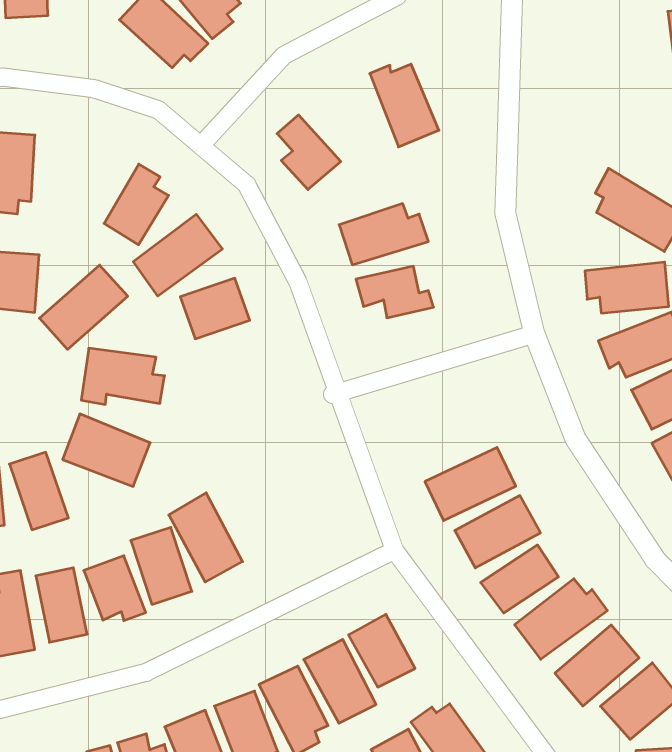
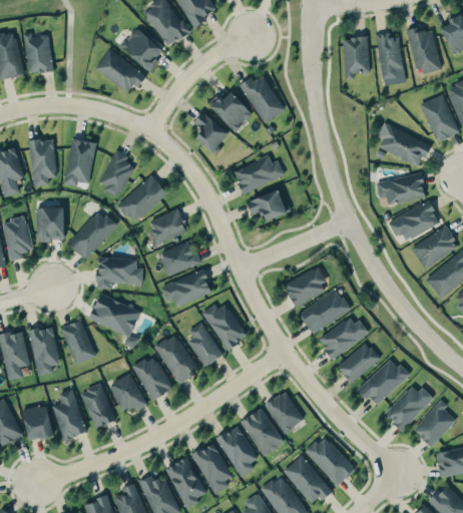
building: none -> [376,32,405,85]
building: none -> [343,37,369,79]
building: none -> [211,90,252,131]
building: none -> [64,138,94,185]
building: none -> [158,241,200,276]
building: none -> [160,270,211,307]
building: none -> [283,267,328,307]
building: none -> [201,304,247,350]
building: none -> [186,323,222,367]

